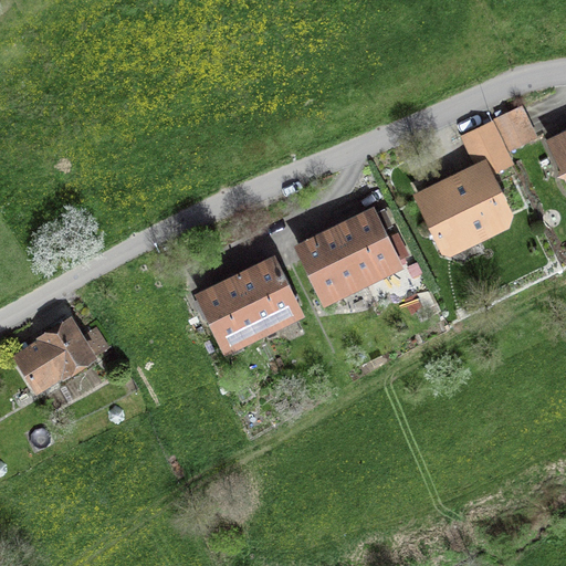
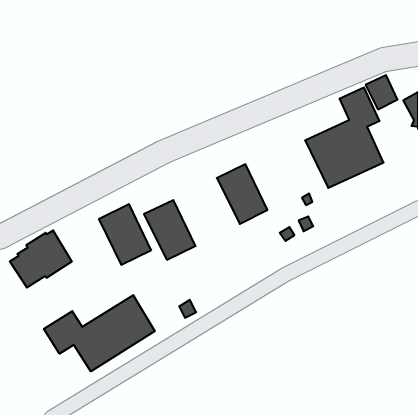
building: [332,206,403,287] -> none
building: [234,254,305,336] -> [99,204,151,265]
building: none -> [44,295,155,371]

